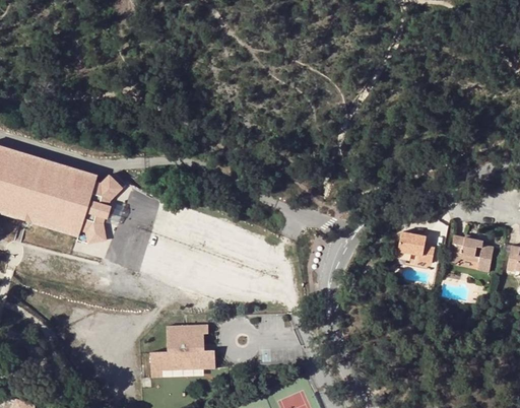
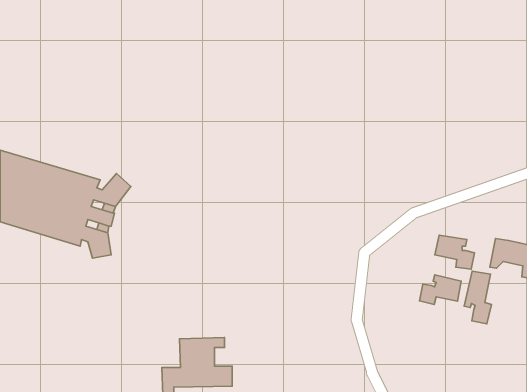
building: none -> [464,271,492,324]
building: none -> [420,275,461,305]

